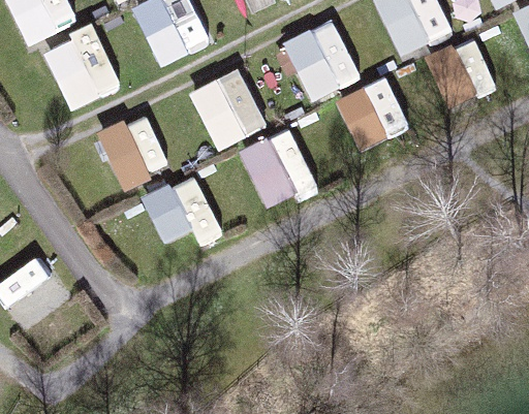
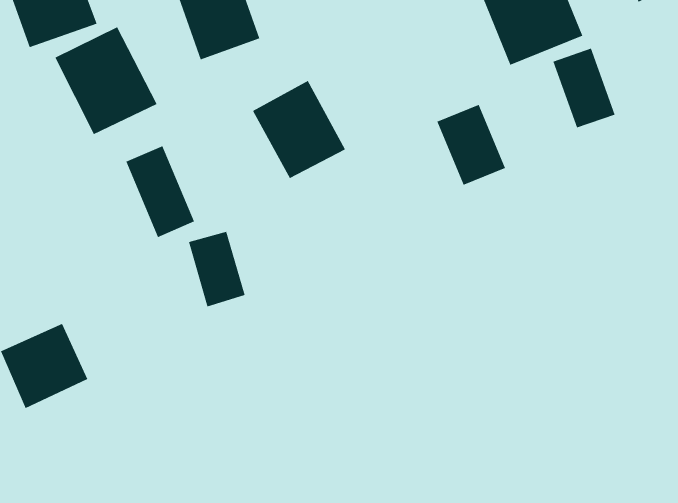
building: [283,20,360,101] -> none
building: [241,129,315,209] -> none

